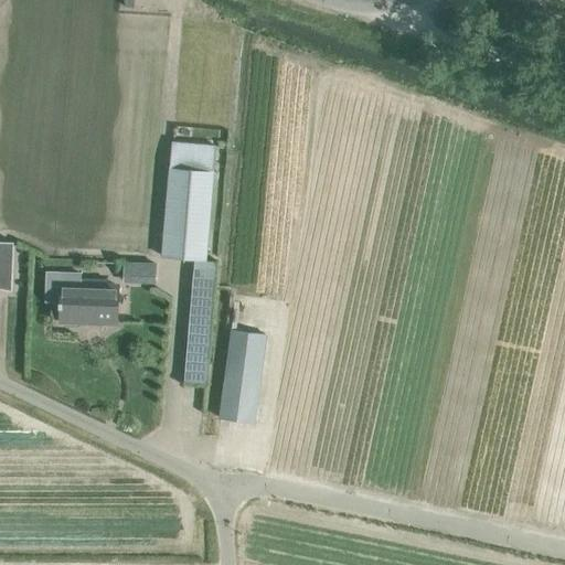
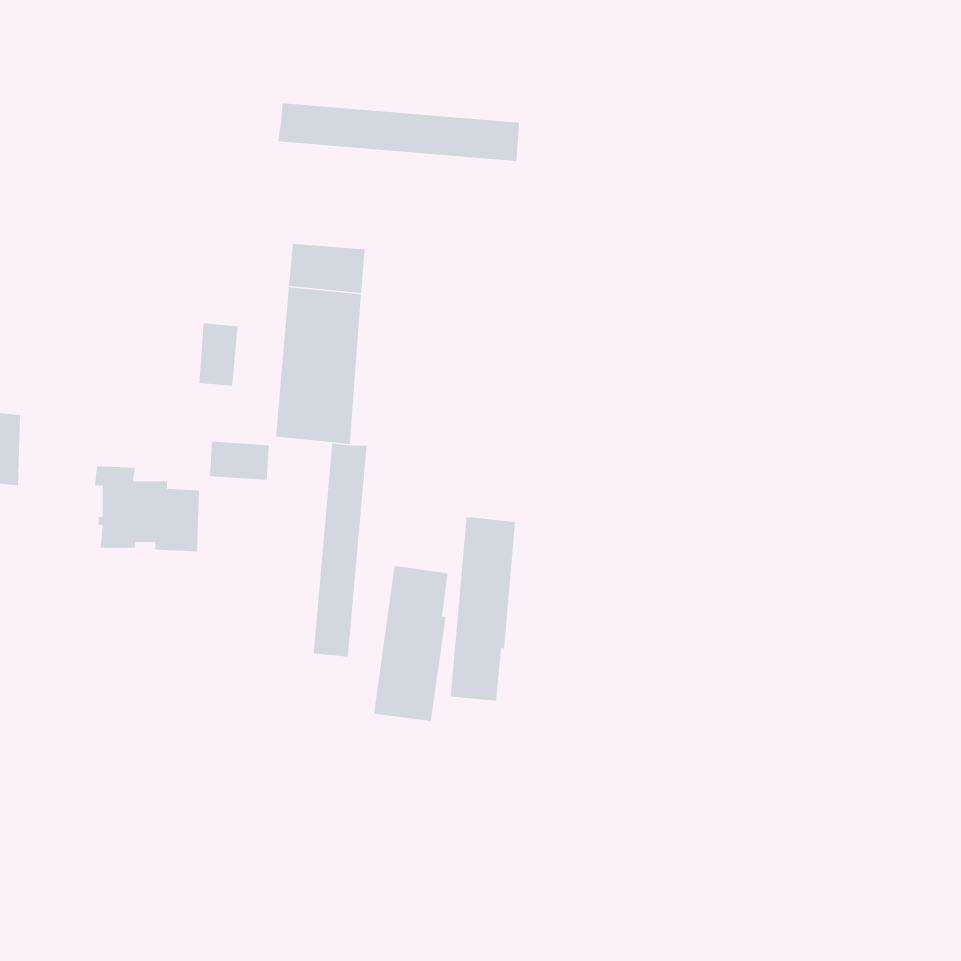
building: none -> [277,102,520,162]
building: none -> [199,323,238,386]
building: none -> [450,516,516,701]

